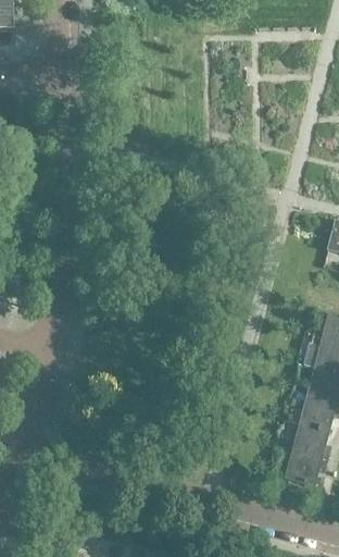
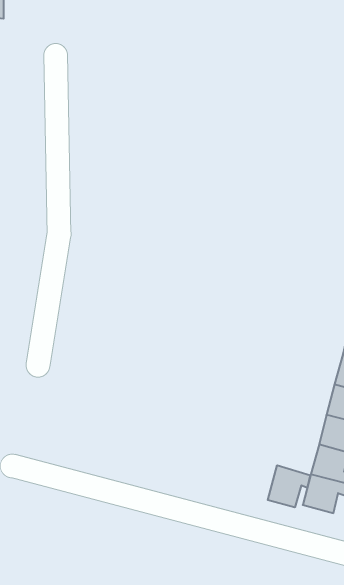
building: none -> [268,465,310,507]

